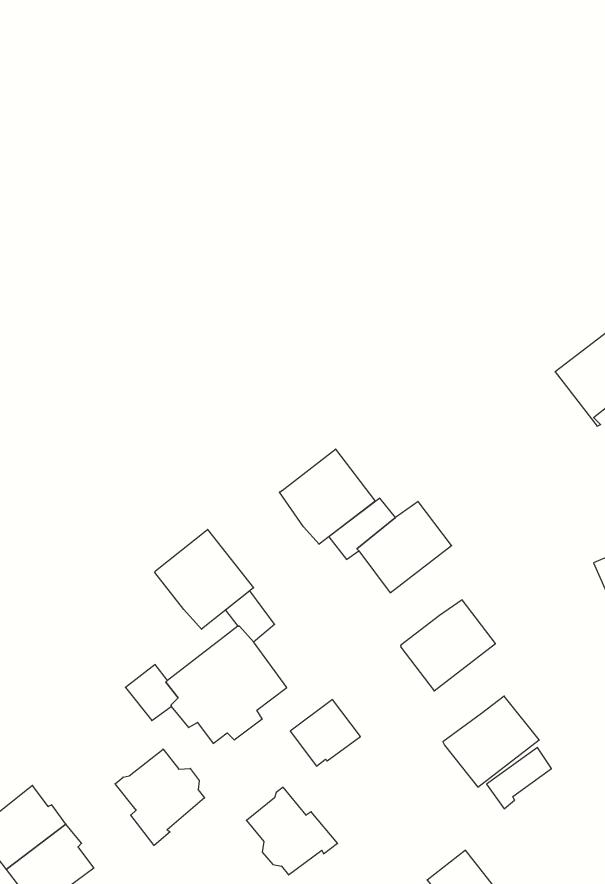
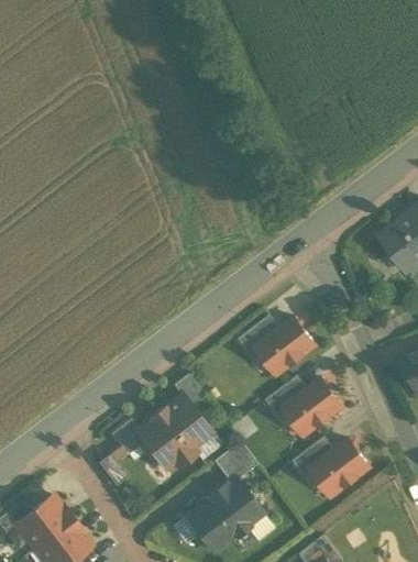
building: [279,449,375,544] -> none
building: [155,529,254,629] -> none
building: none -> [265,377,307,416]
building: [487,747,551,809] -> [293,439,333,477]
building: [115,749,205,845] -> none
building: none -> [209,481,262,533]

